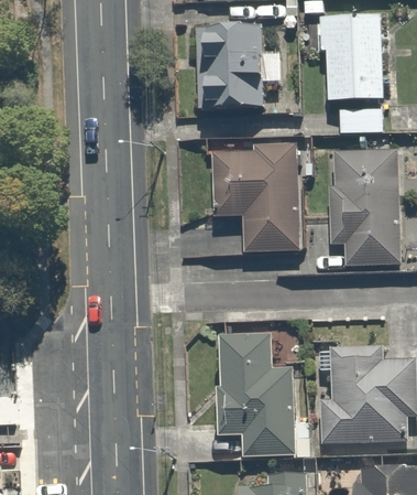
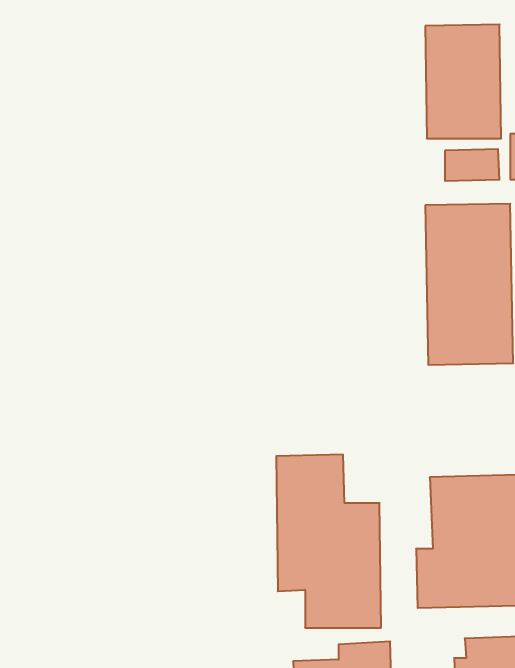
building: [197,25,266,117] -> none
building: [215,141,303,251] -> none

